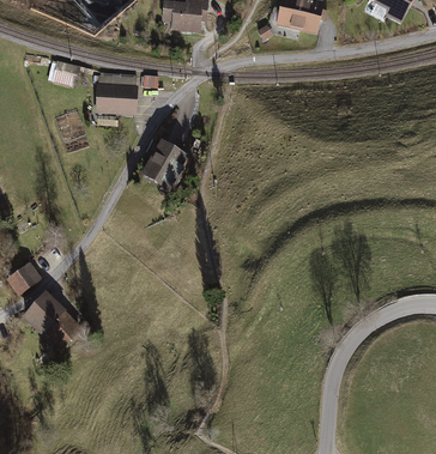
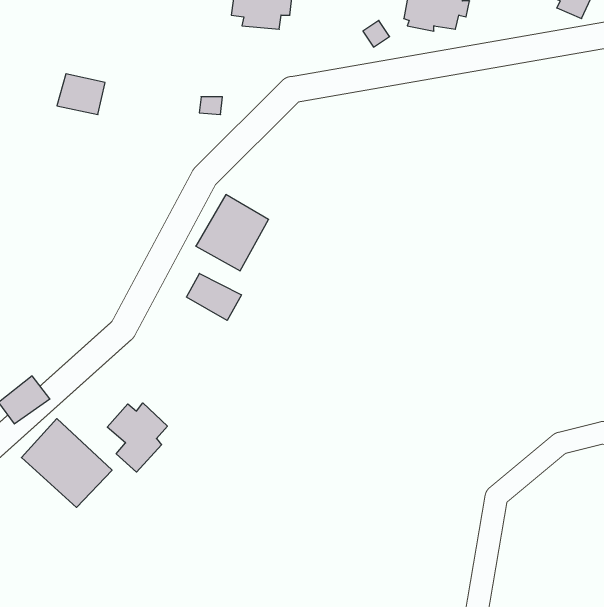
building: [96,72,137,113] -> none
building: none -> [186,273,241,320]
building: none -> [107,403,167,472]

